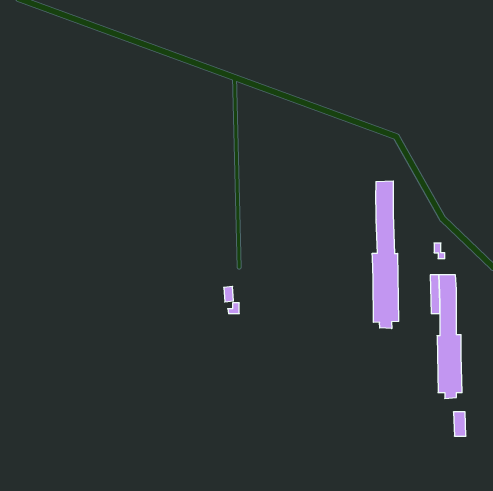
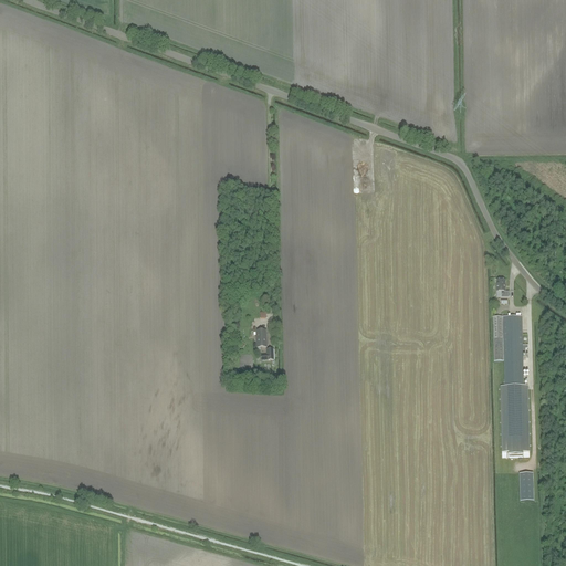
building: [372,181,399,329] -> none

